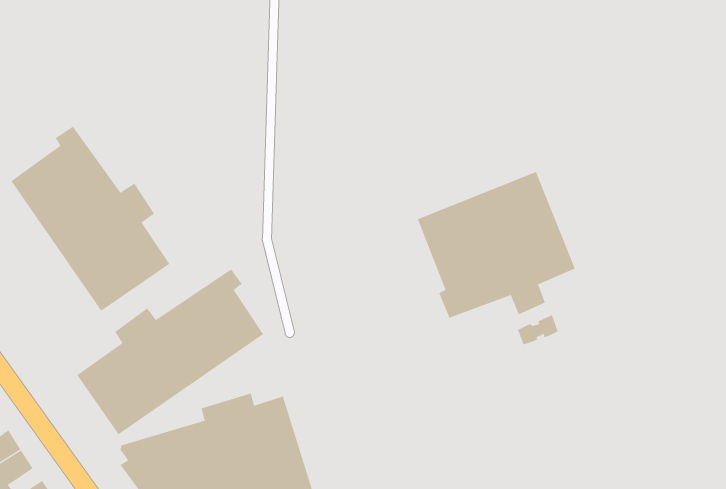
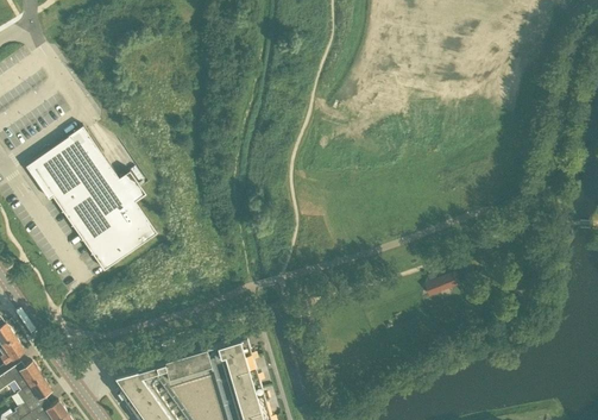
building: [417,171,576,319] -> none
building: [77,269,264,435] -> none

